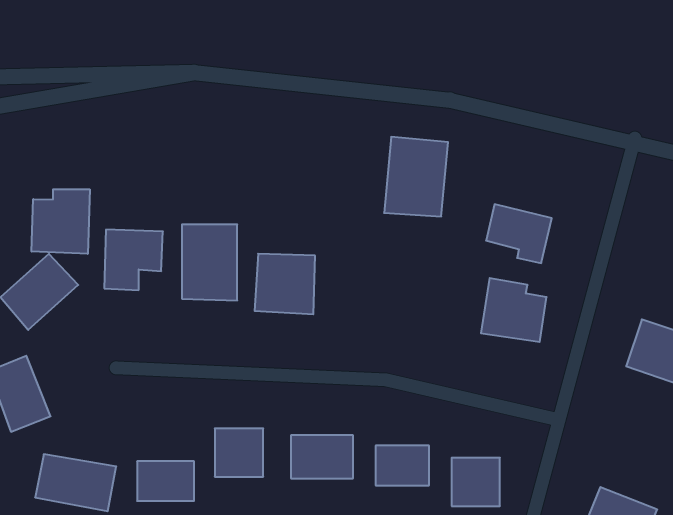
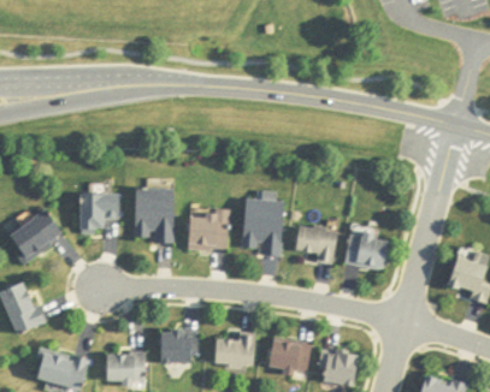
building: [384,137,448,216] -> [242,198,287,254]
building: [32,189,90,254] -> none
building: [486,204,552,263] -> [294,222,340,263]

